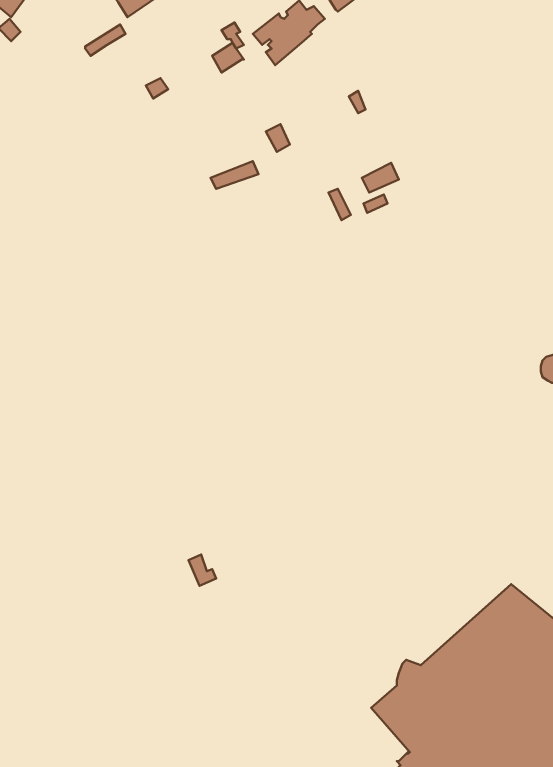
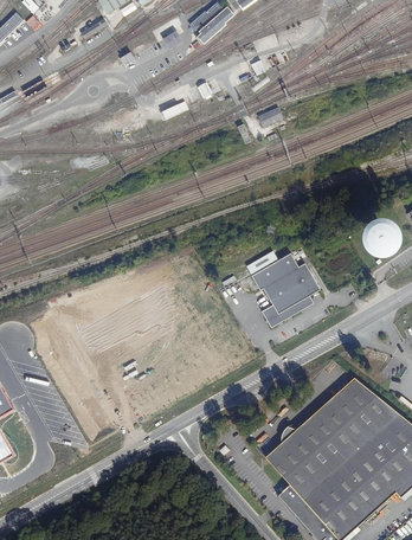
building: none -> [252,253,321,327]

